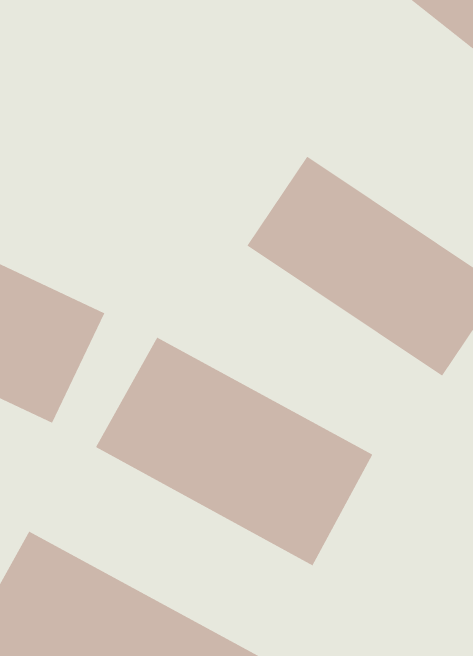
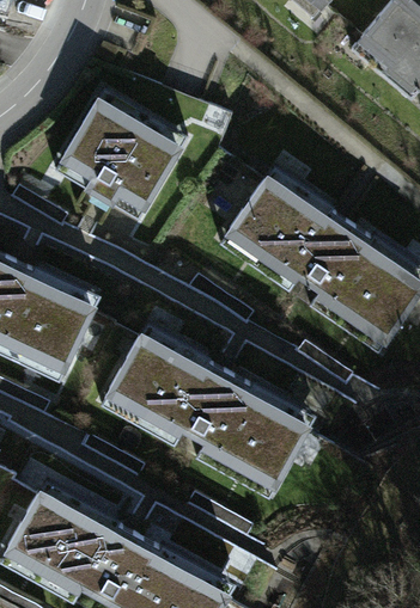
building: none -> [48,85,191,228]

